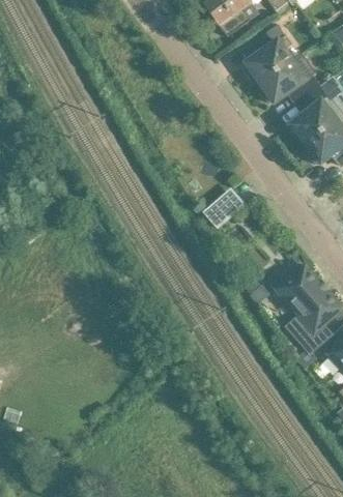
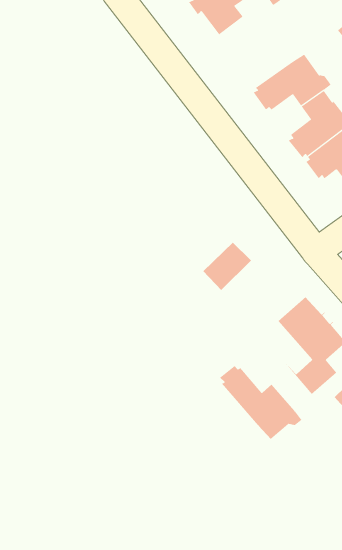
building: [245,23,304,82] -> none
building: [201,184,245,228] -> [202,242,252,291]
building: none -> [219,365,302,440]

